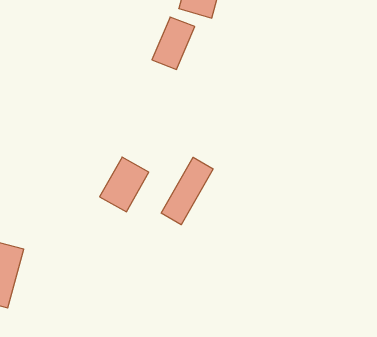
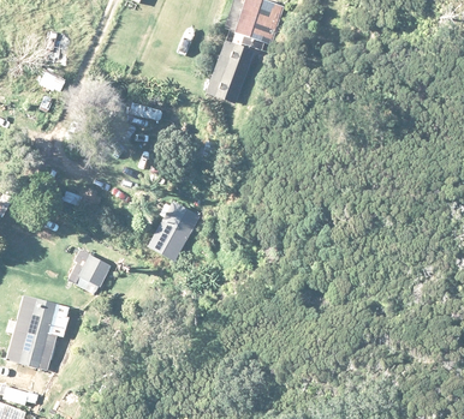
building: [161,157,213,225] -> none
building: none -> [69,257,109,298]

